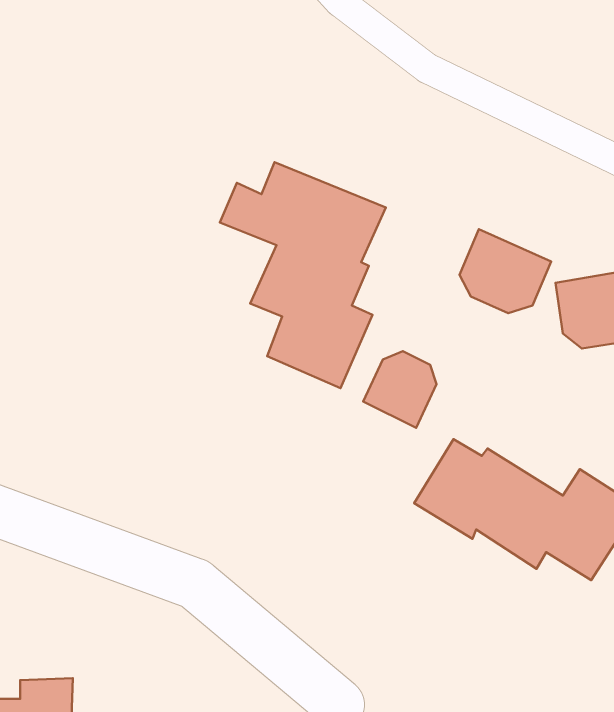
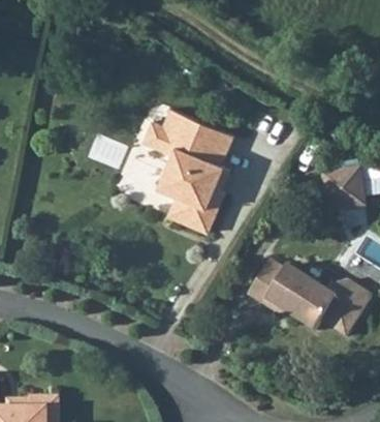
building: [460,229,551,313] -> none
building: [363,351,436,428] -> none

